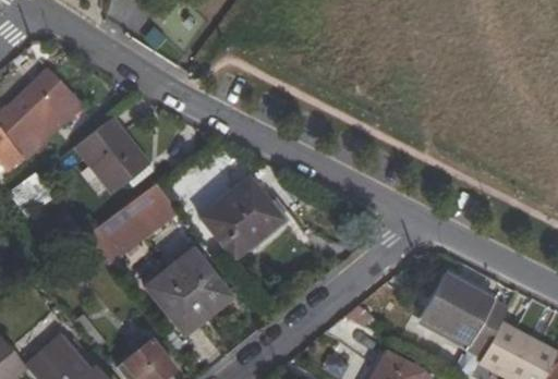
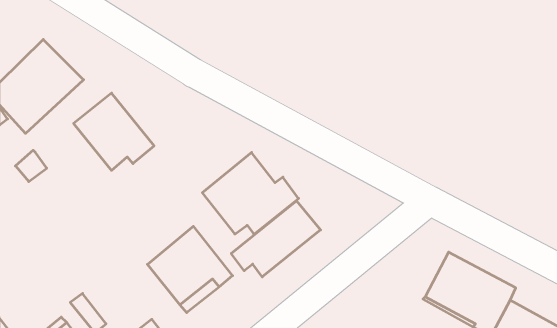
building: [83,184,174,262] -> none
building: none -> [231,201,321,277]

